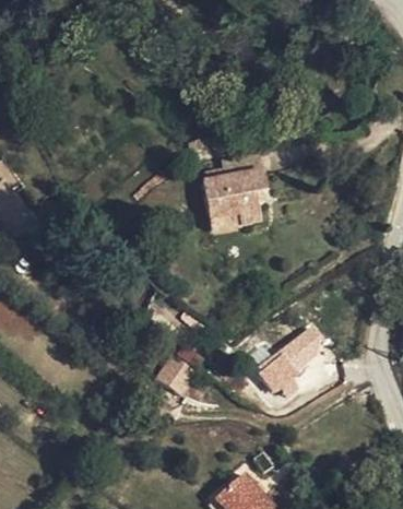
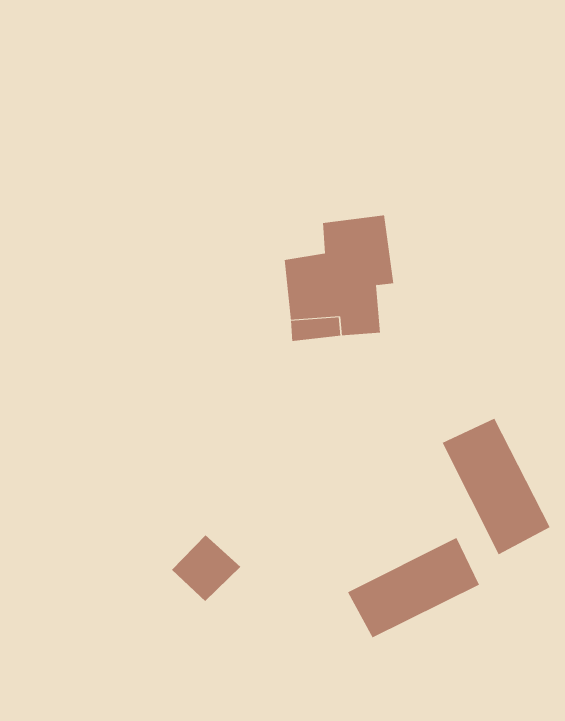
building: none -> [442,418,550,555]

